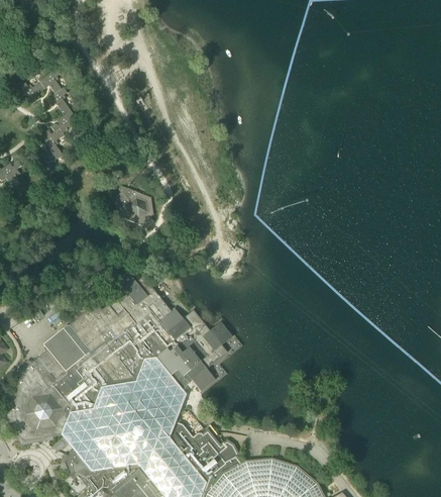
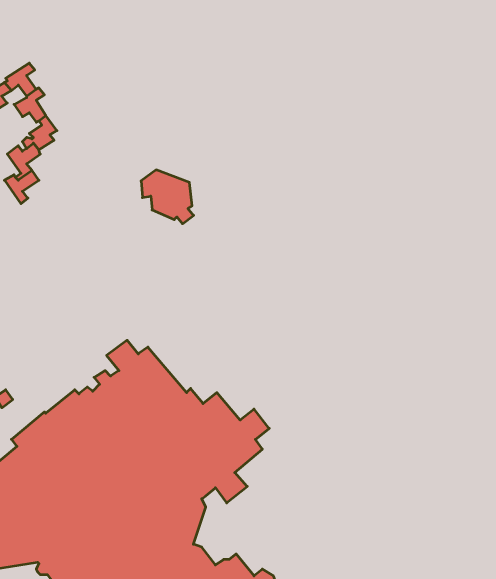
building: [116,190,154,229] -> [141,170,194,224]

